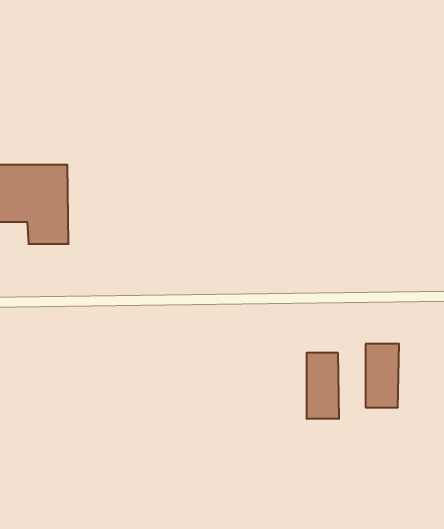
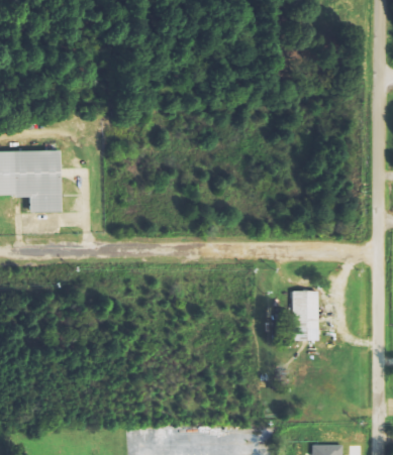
building: [307,353,339,419] -> none

